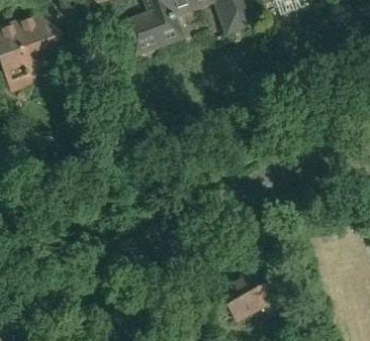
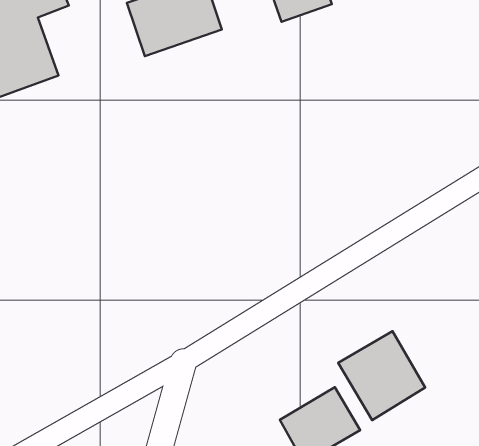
building: none -> [338,331,425,420]

